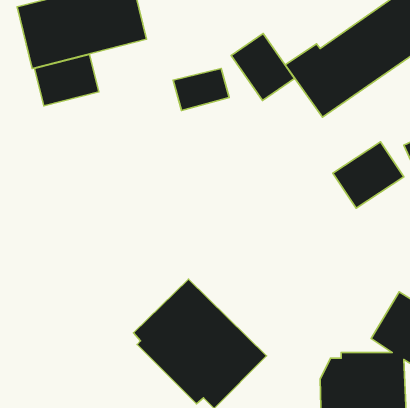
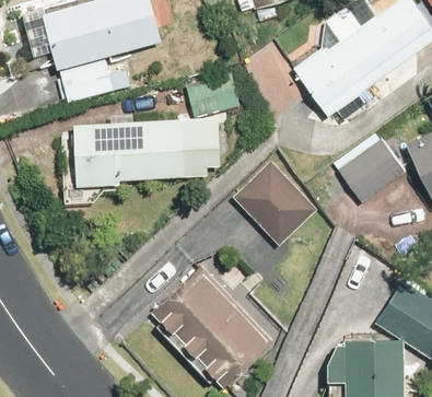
building: [231,34,294,101] -> none
building: none -> [70,110,227,187]
building: none -> [230,159,319,248]

